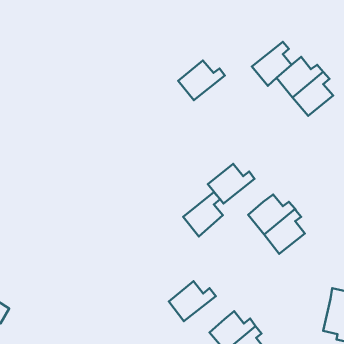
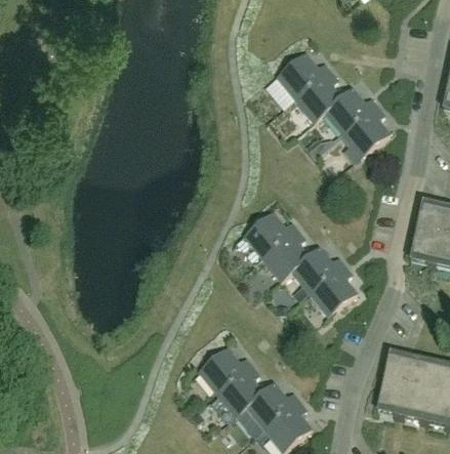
building: [178,60,225,100] -> [277,51,331,97]
building: [183,192,223,236] -> [262,228,309,279]
building: none -> [216,364,263,414]

